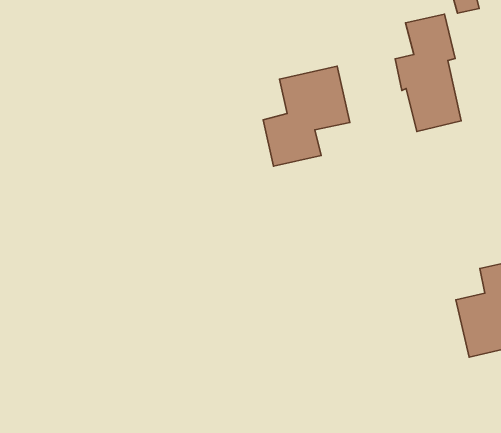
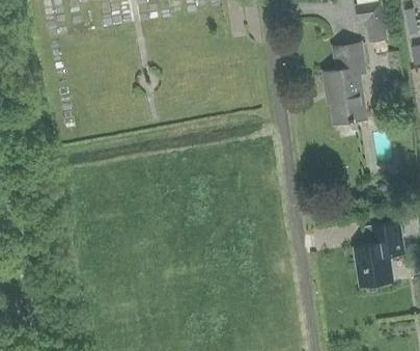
building: [263,66,350,166] -> none

